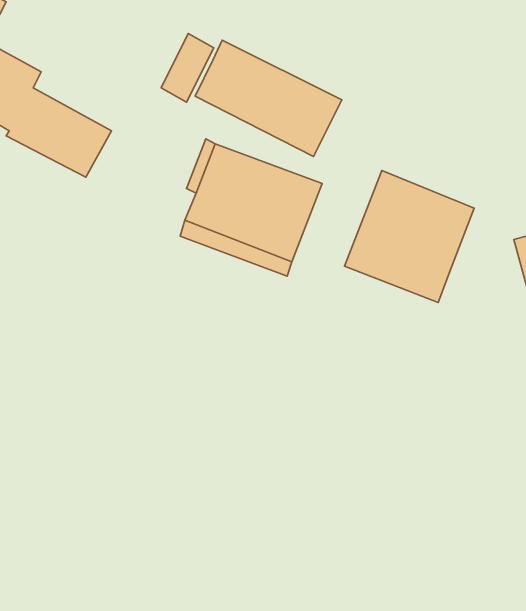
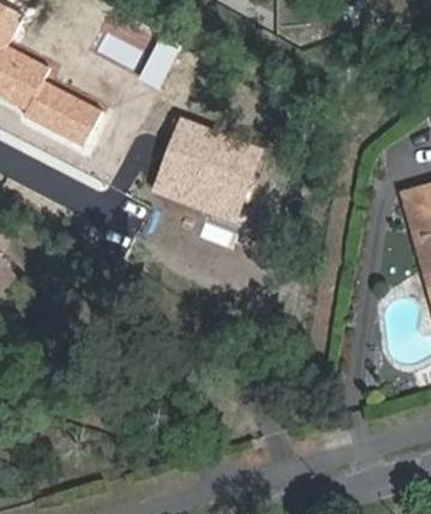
building: [195,40,342,157] -> none
building: [345,170,474,302] -> none

